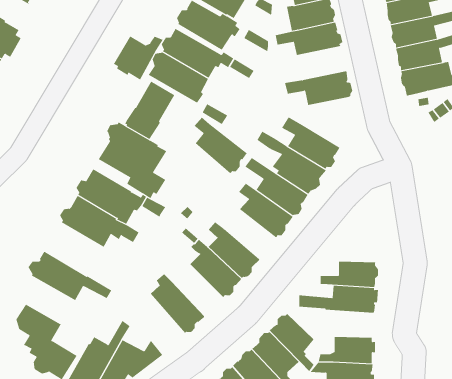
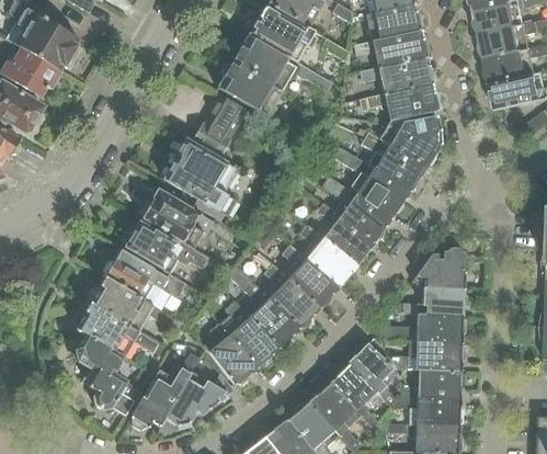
building: [113,35,164,80] -> none
building: none -> [360,57,433,93]
building: none -> [384,116,441,167]
building: [194,117,248,174] -> [298,225,356,286]
building: none -> [103,249,185,305]
building: none -> [412,249,464,290]
building: none -> [227,264,299,348]
building: none -> [73,303,158,356]
building: none -> [203,322,258,385]
building: none -> [388,341,465,371]

